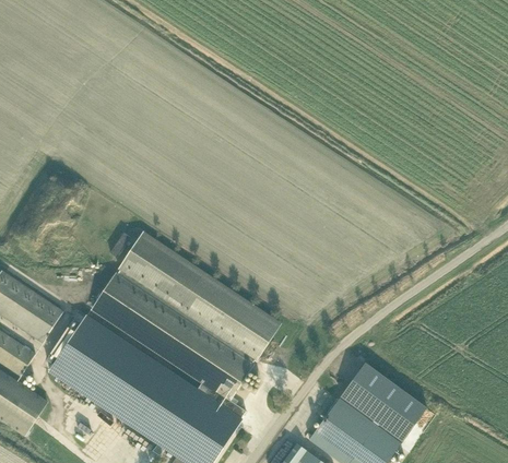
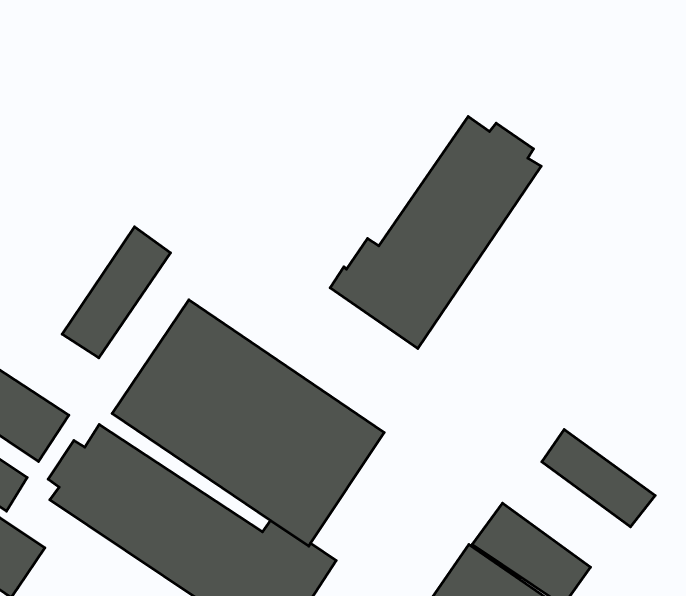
building: none -> [330,116,541,349]
building: none -> [62,227,170,358]
building: none -> [542,429,655,527]

